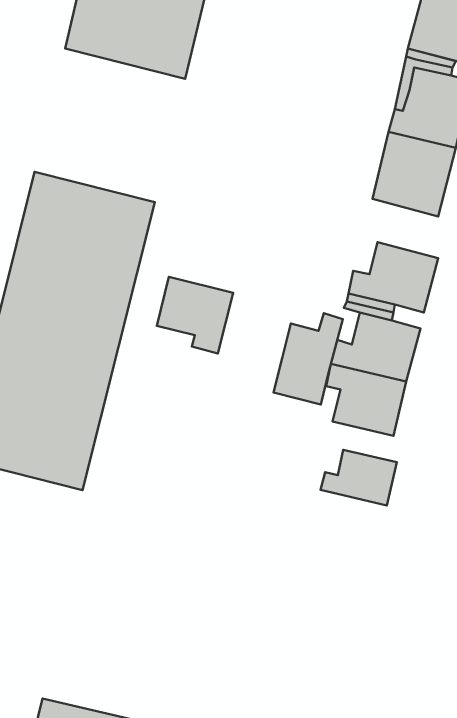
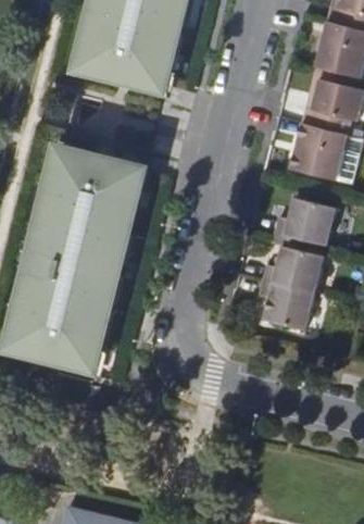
building: [157,277,233,354] -> none
building: [273,313,343,404] -> none
building: [321,450,397,505] -> none

